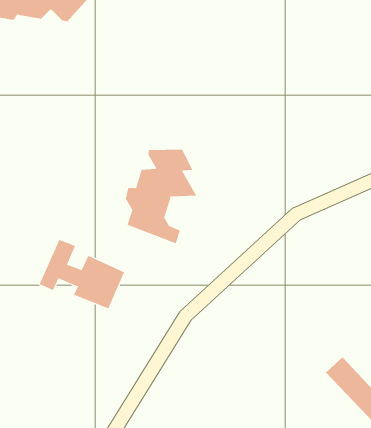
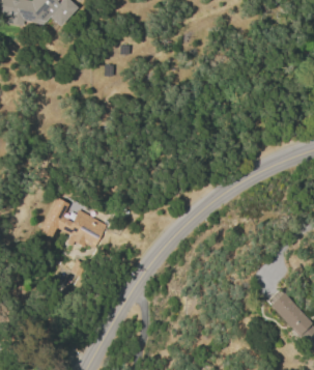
building: [125,149,197,244] -> none

